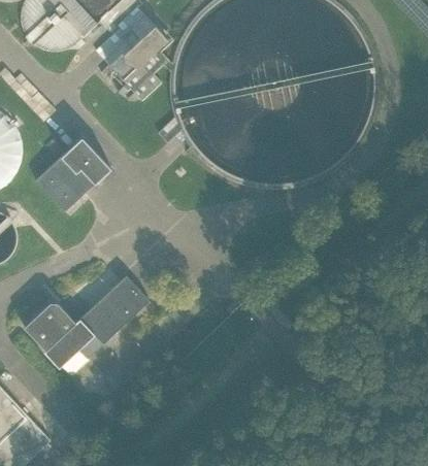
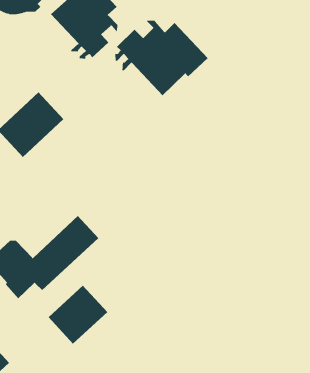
building: none -> [115,20,209,96]
building: none -> [48,285,108,345]

